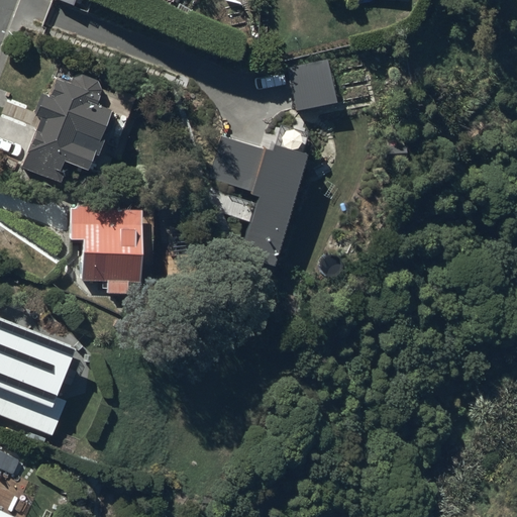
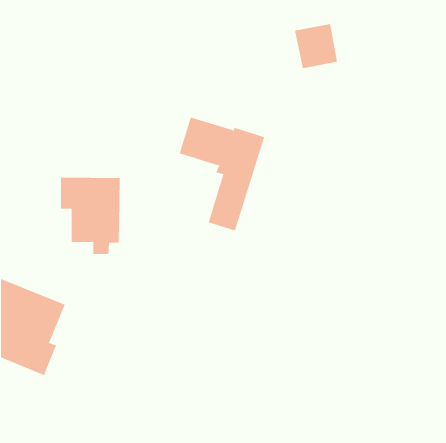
building: [287,59,337,111] -> [294,23,338,69]
building: [21,76,111,182] -> none

